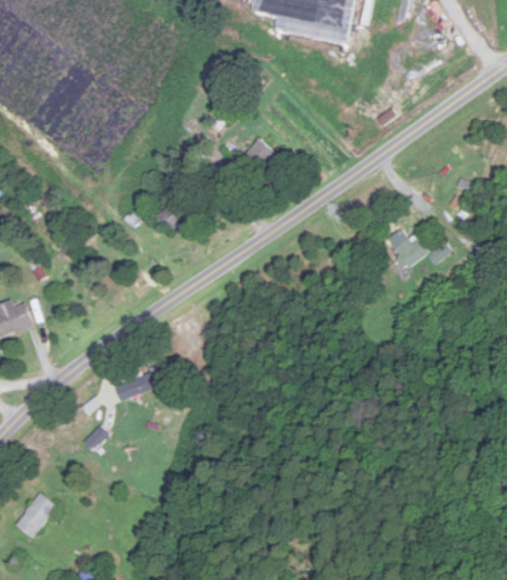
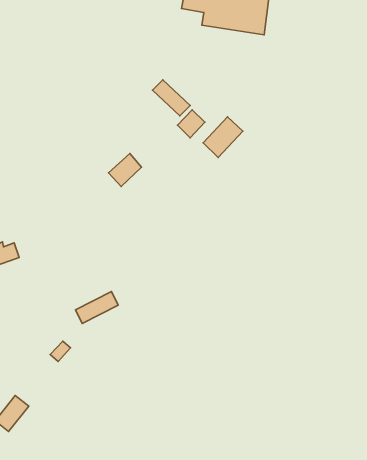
building: none -> [152,80,190,116]
building: none -> [203,117,243,157]
building: [391,232,450,269] -> none

